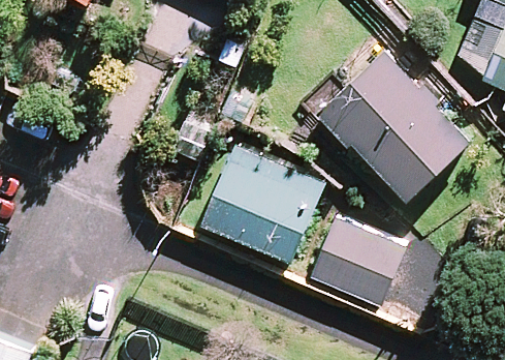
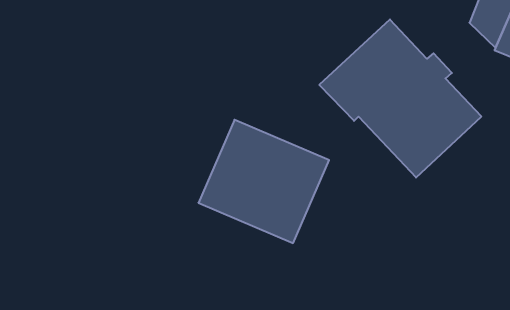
building: [311,219,407,308] -> none

